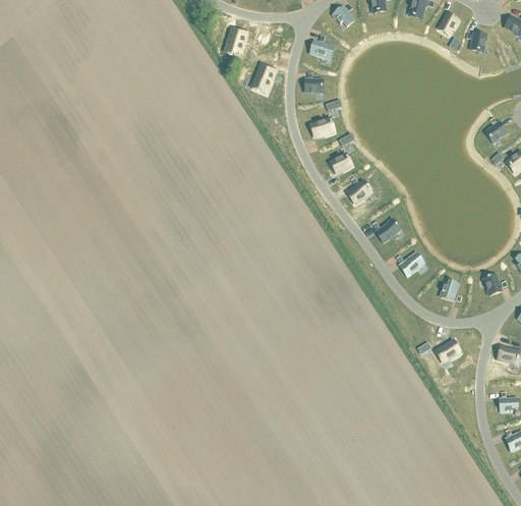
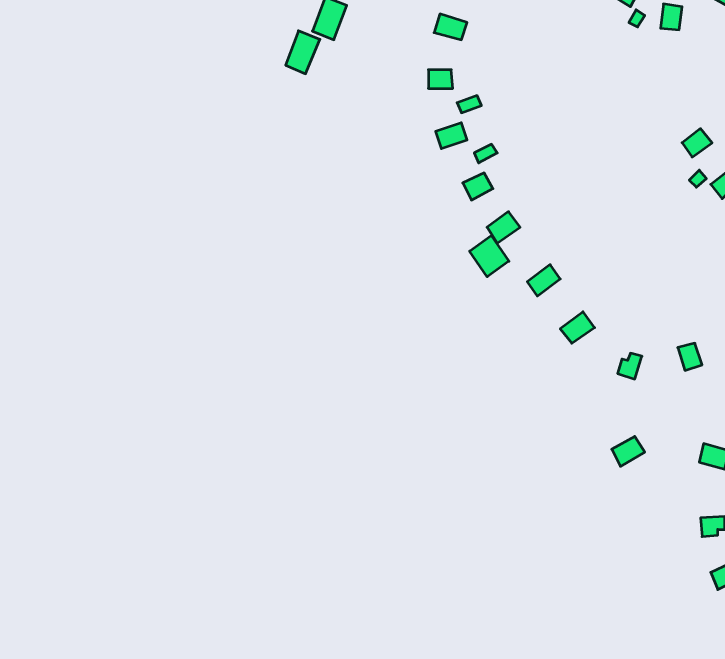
building: [251,63,276,94] -> [286,31,320,74]
building: none -> [470,236,509,277]

